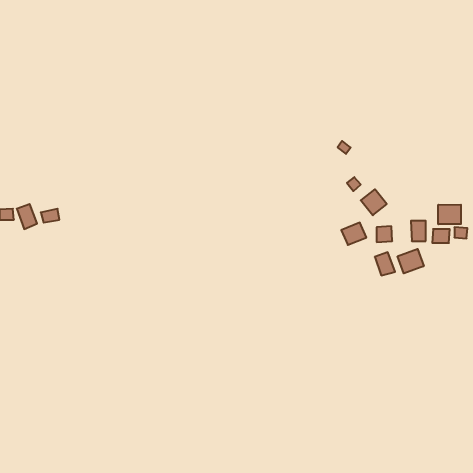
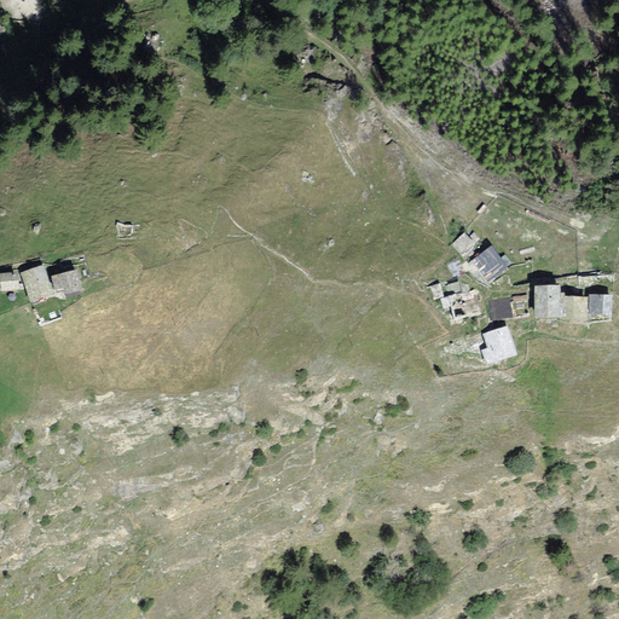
building: [438,205,461,224] -> none
building: [398,249,424,273] -> none

